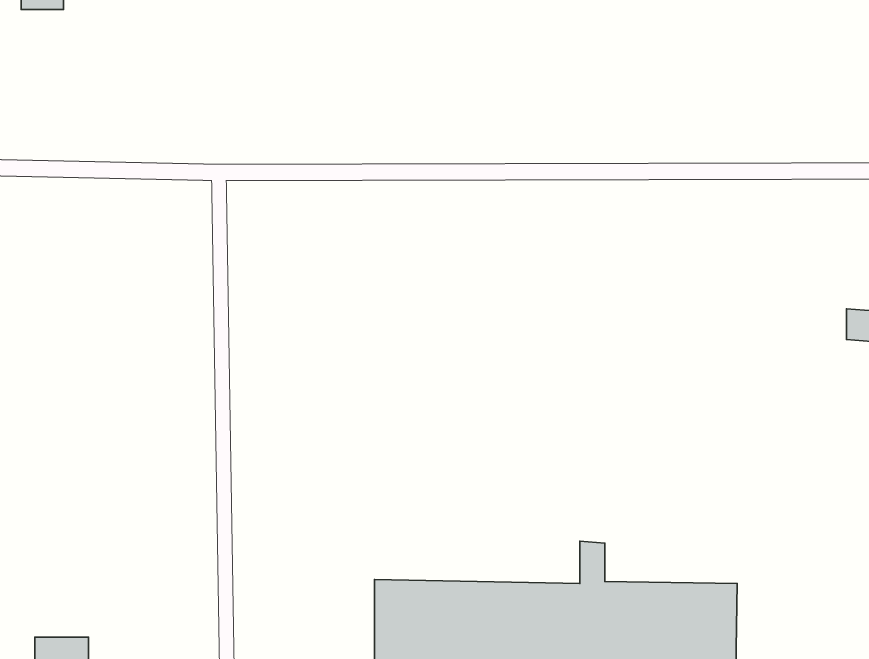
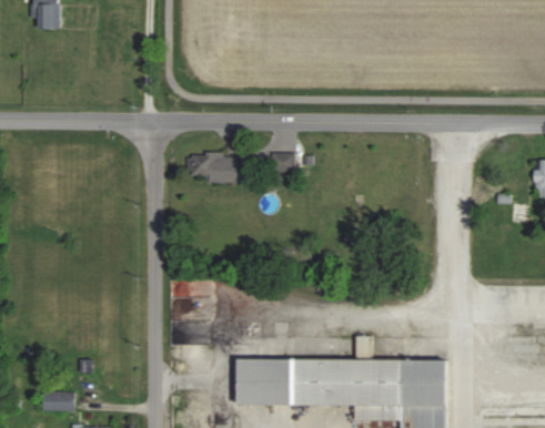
building: none -> [270,152,294,174]
building: none -> [185,153,255,181]

